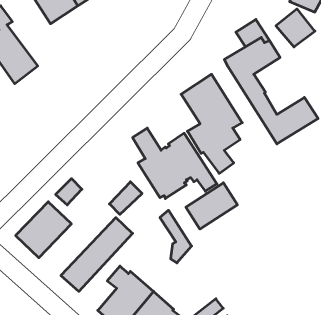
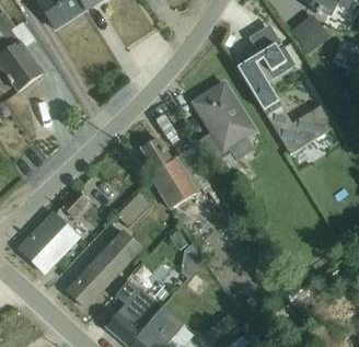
building: [186,183,237,229] -> none

